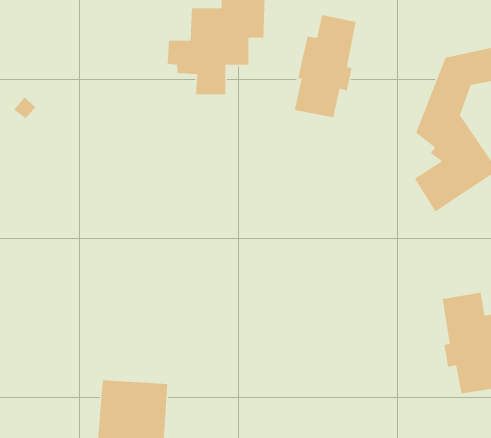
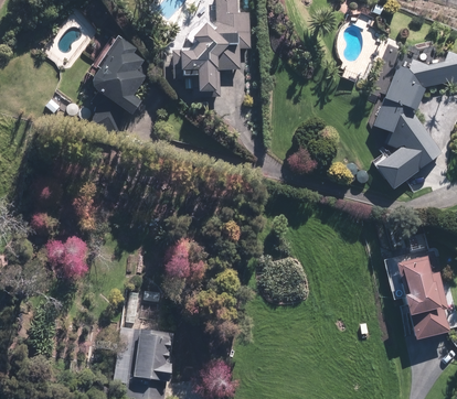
building: [294,14,356,118] -> none
building: none -> [85,39,142,134]

